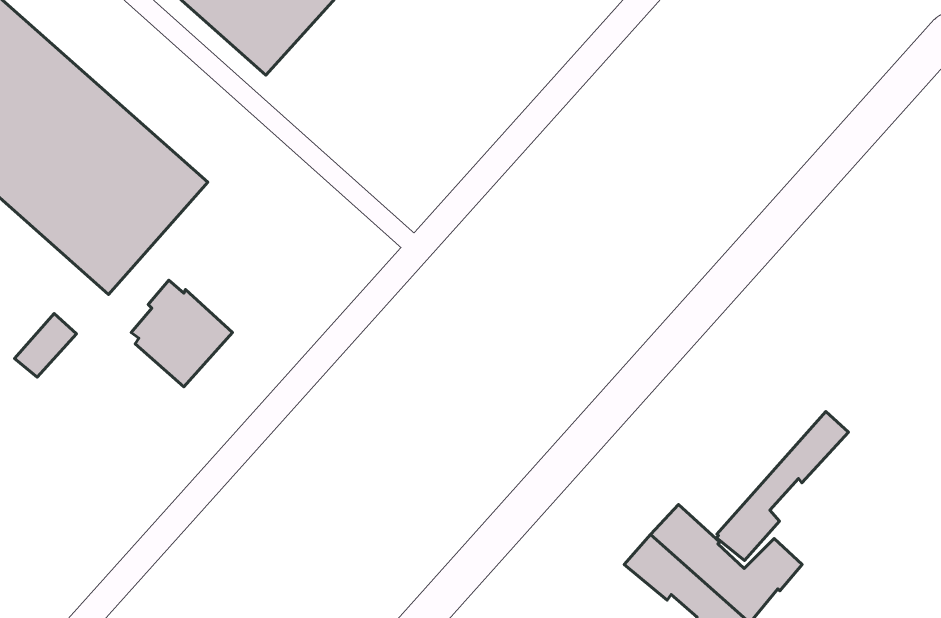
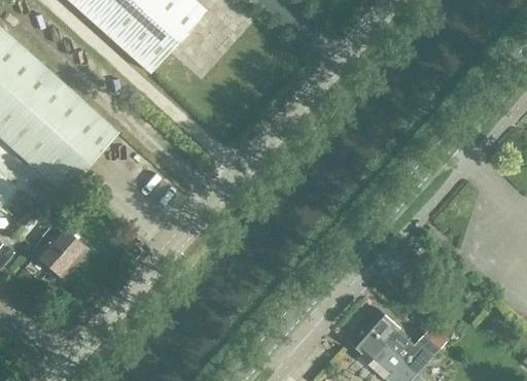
building: [131,280,233,387] -> [34,221,90,280]
building: [717,411,849,560] -> none

